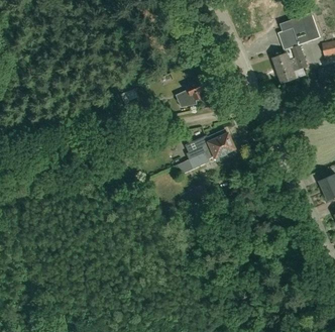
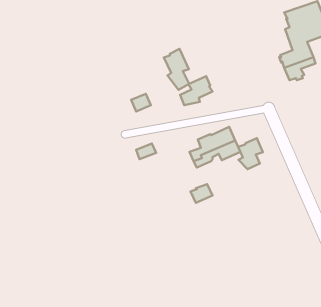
building: none -> [164,49,189,90]
building: none -> [238,138,263,169]

